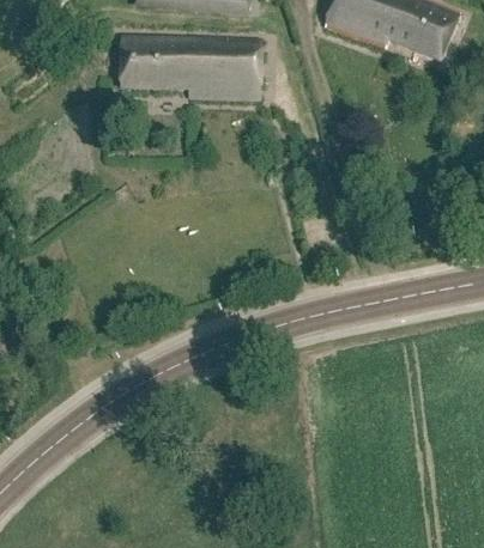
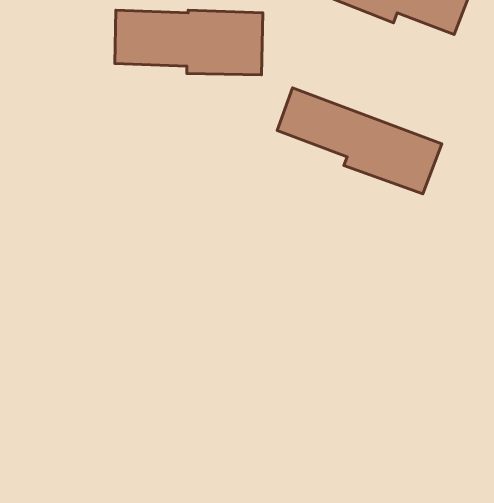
building: none -> [277,88,442,194]

